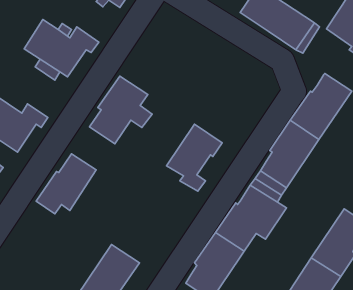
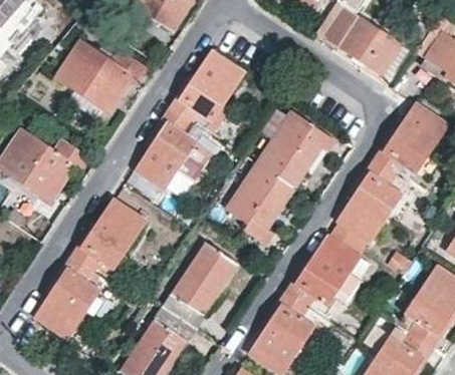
building: none -> [172,53,243,130]
building: none -> [260,113,334,188]
building: none -> [162,245,238,330]
building: none -> [37,257,105,337]

